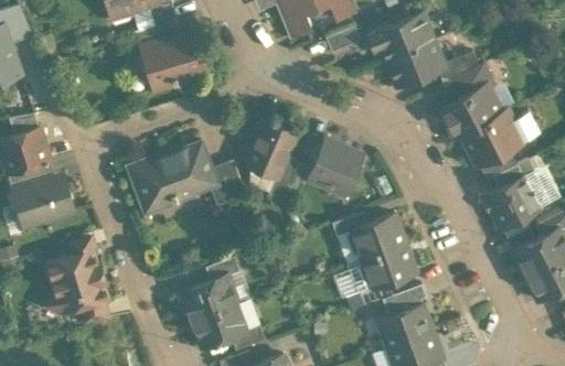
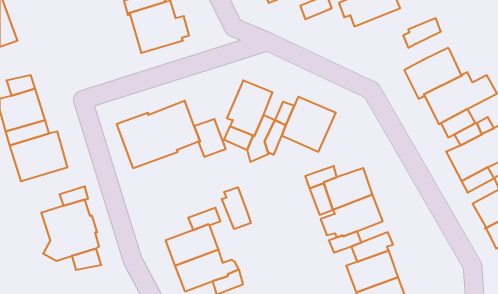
building: [385,41,445,87] -> none
building: [451,64,492,97] -> none
building: none -> [222,187,251,229]

